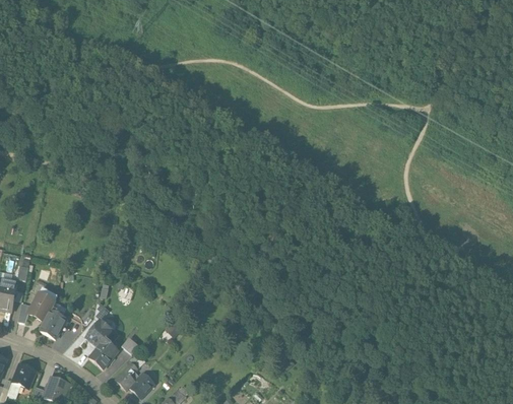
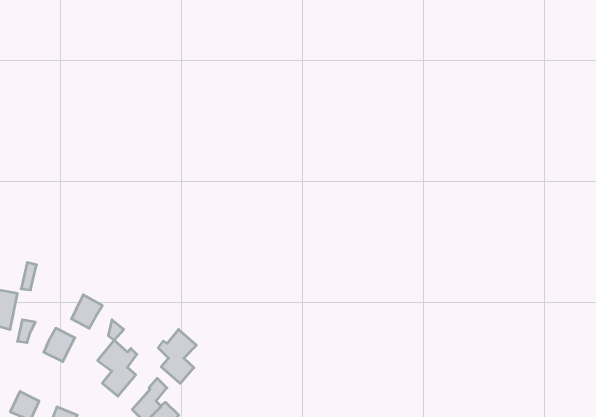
building: [28,291,55,320] -> [71,295,102,328]
building: none -> [158,329,196,383]

